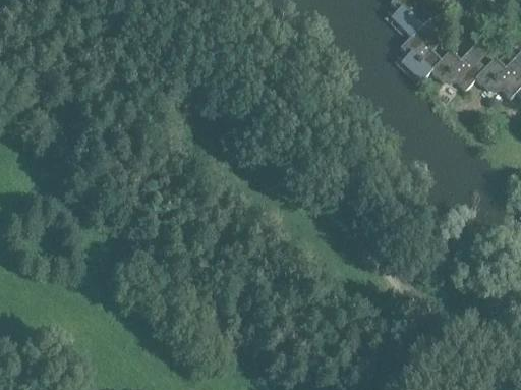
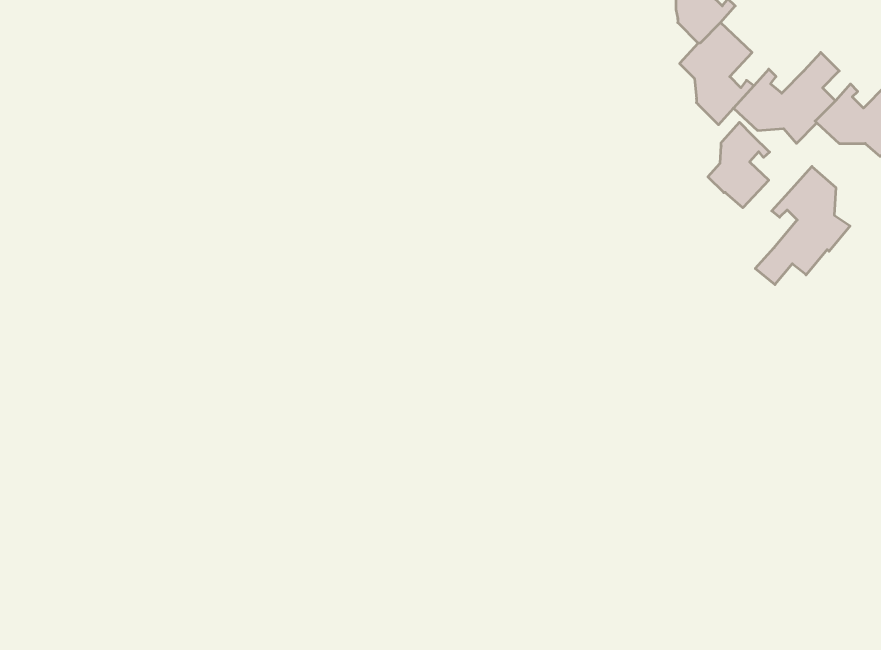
building: none -> [708,122,770,208]
building: none -> [755,166,850,285]

